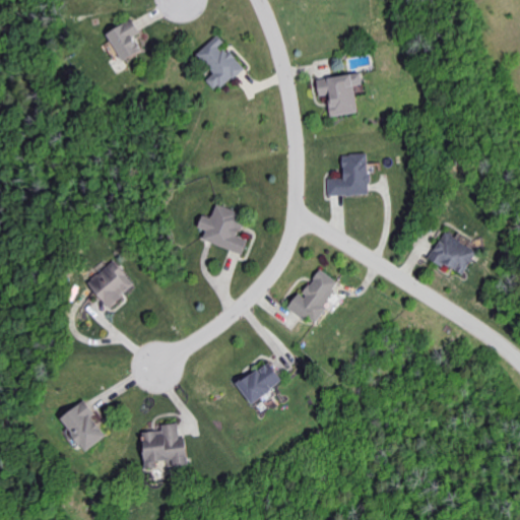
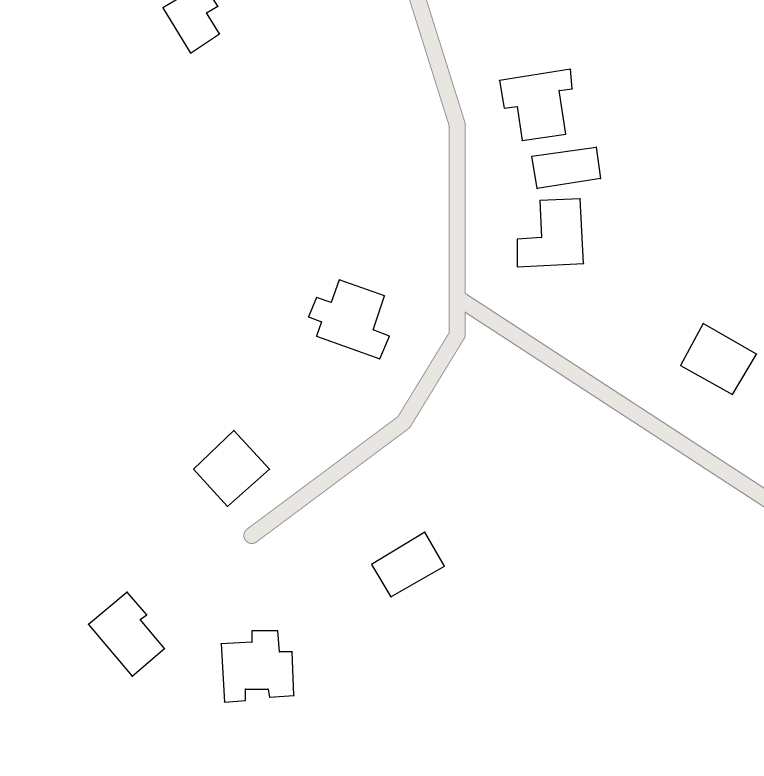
building: [195,36,241,92] -> none
building: none -> [532,147,601,189]
building: [85,260,133,308] -> [194,430,270,506]
building: [286,269,337,326] -> none

